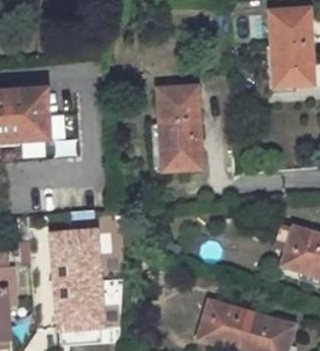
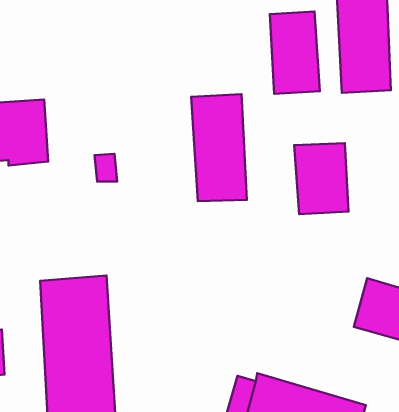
building: none -> [270,12,320,94]
building: none -> [294,143,348,214]

